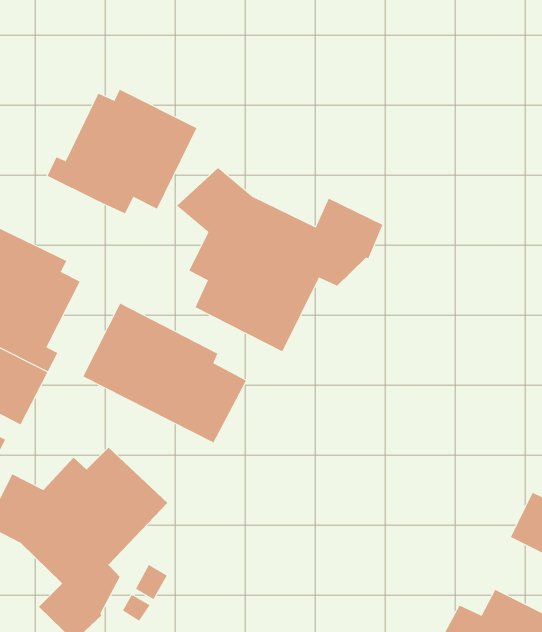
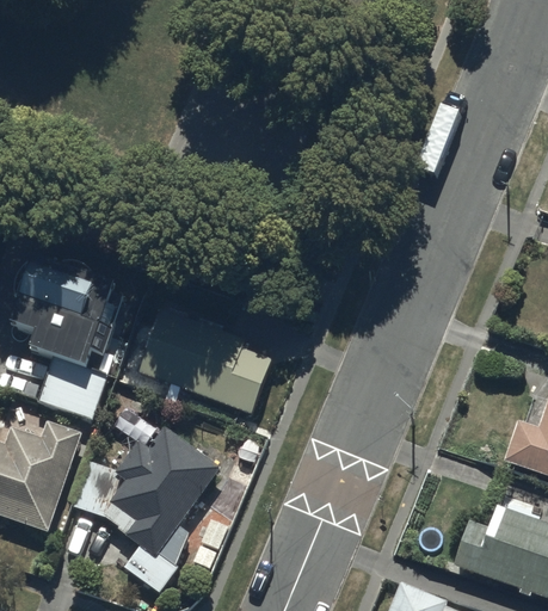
building: [47,89,197,214] -> none
building: [176,167,383,352] -> none

